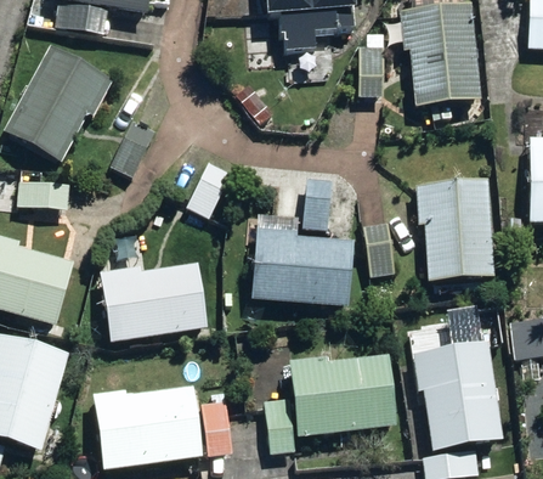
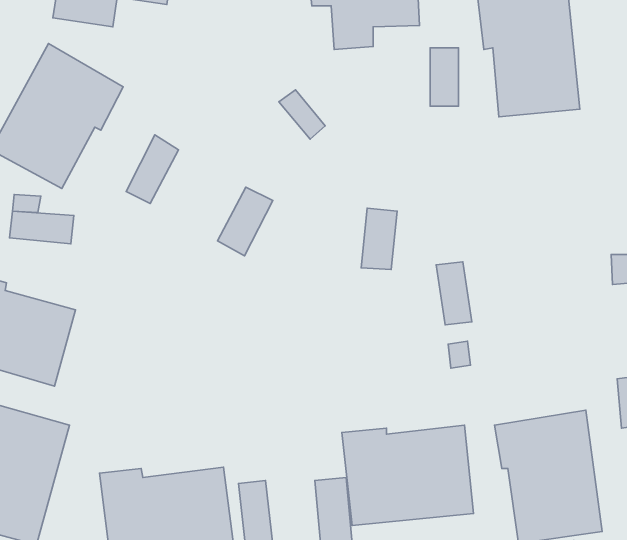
building: [415,181,493,281] -> none
building: [251,226,353,308] -> none
building: [101,265,205,343] -> none

